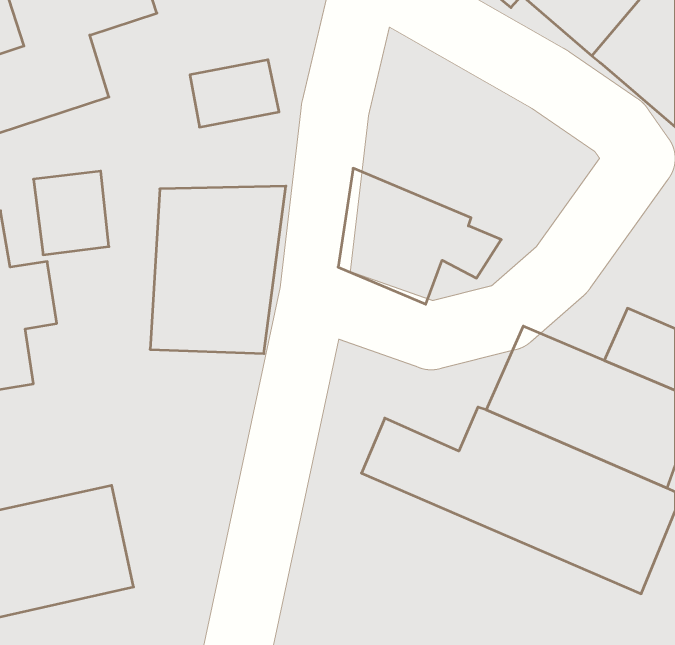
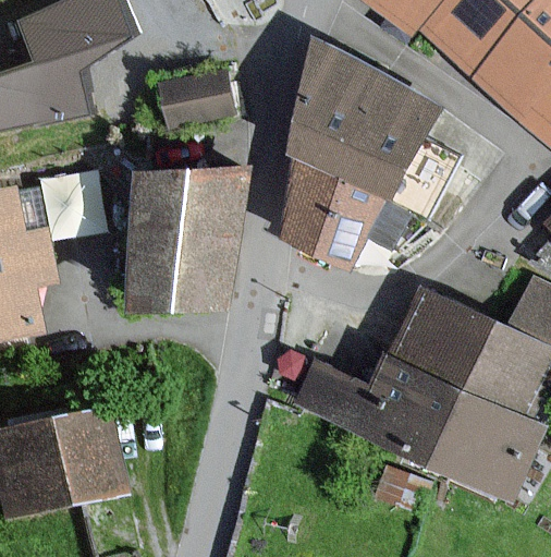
building: none -> [291,36,439,198]

